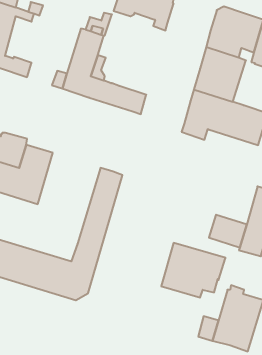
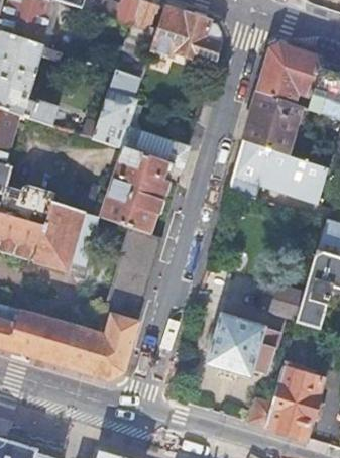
building: none -> [101,147,175,232]

